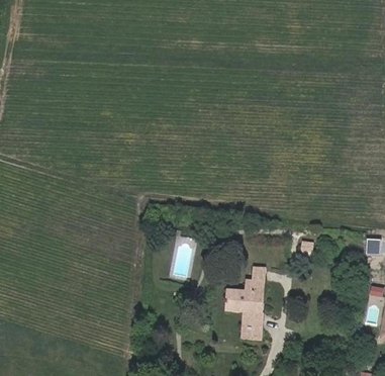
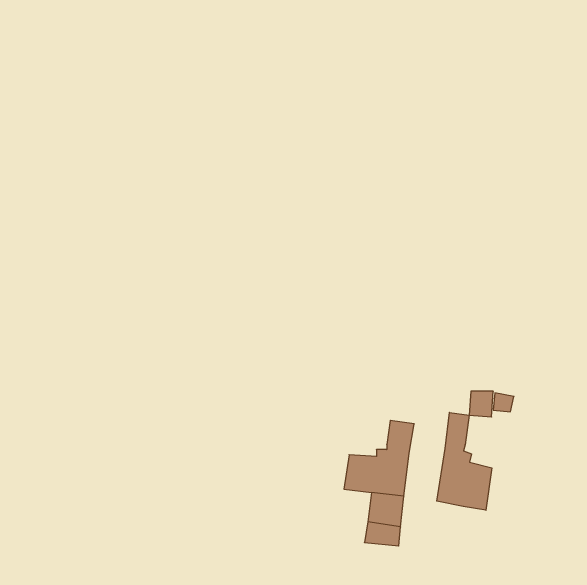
building: none -> [437,412,492,510]

